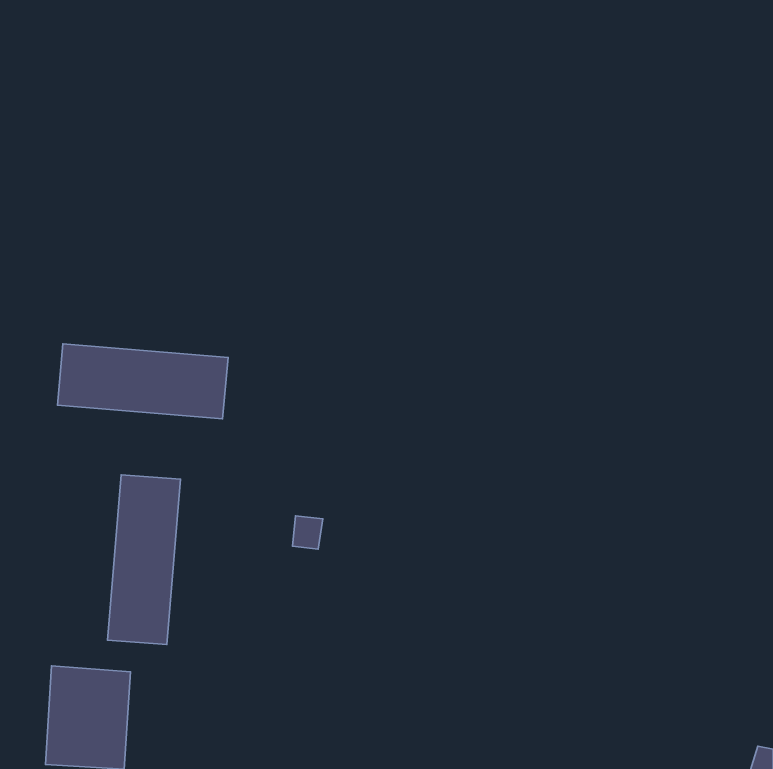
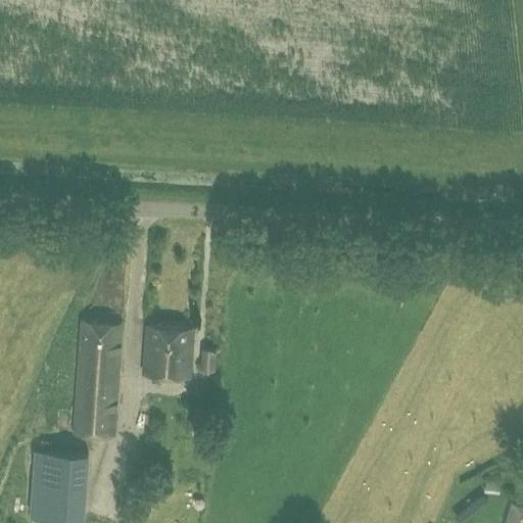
building: [58,344,228,419] -> none
building: none -> [142,327,193,380]

